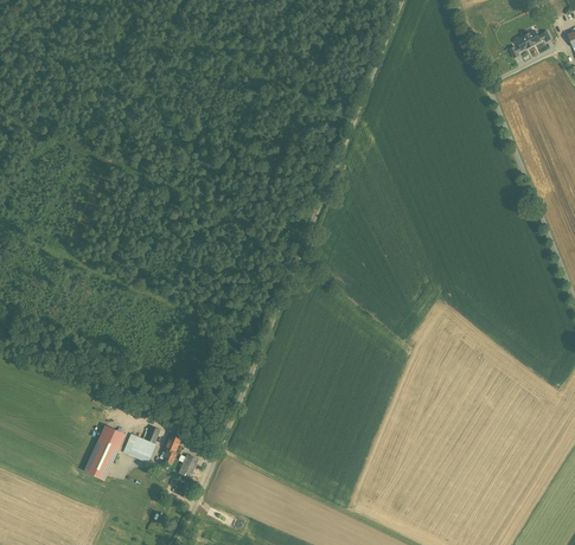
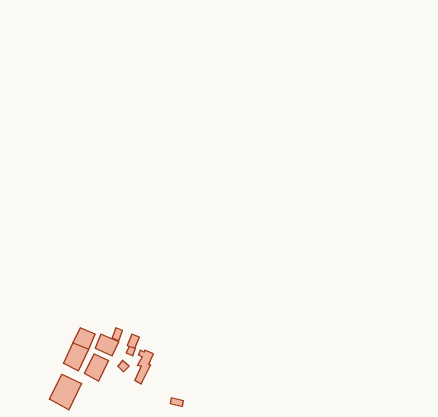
building: none -> [84,354,109,381]
building: none -> [49,374,82,410]

